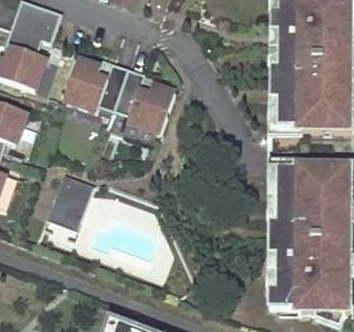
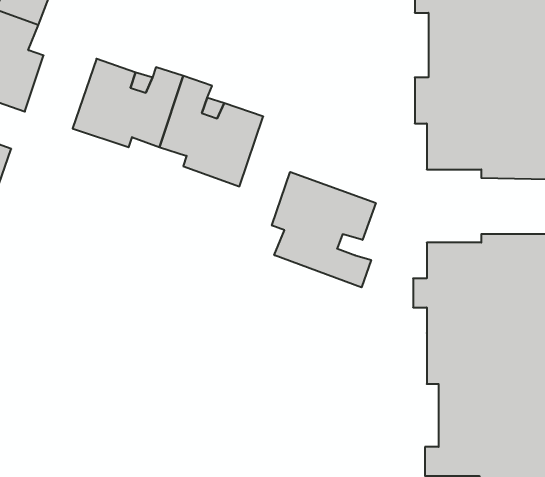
building: none -> [272,172,376,287]
building: [48,173,96,229] -> none

